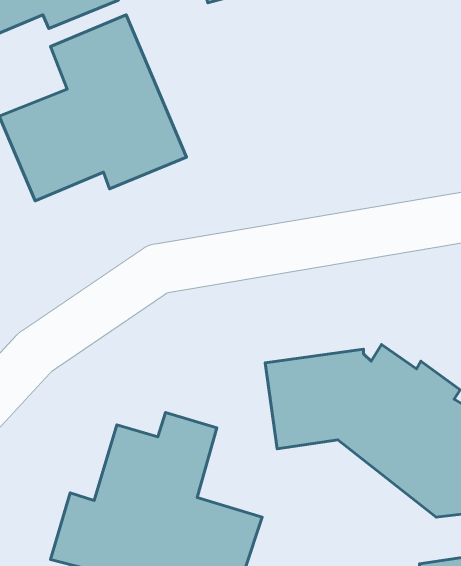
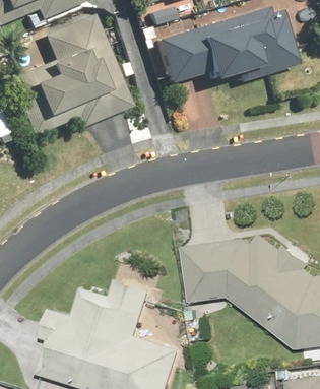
building: none -> [155,8,297,86]

